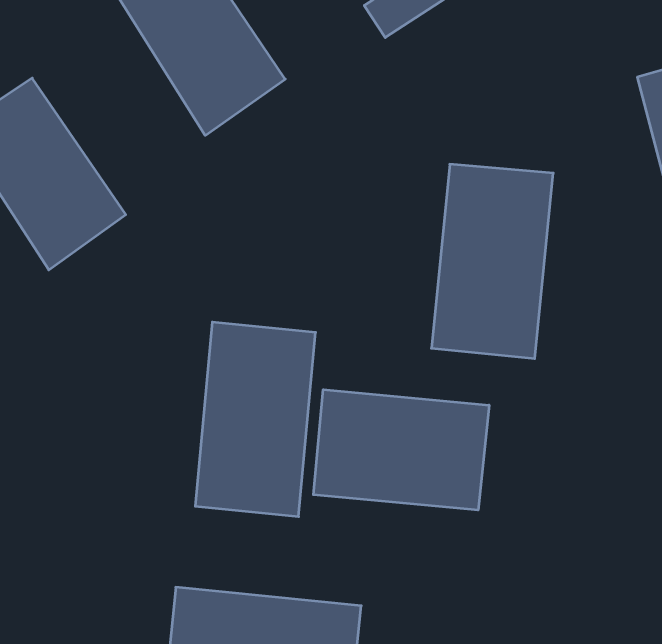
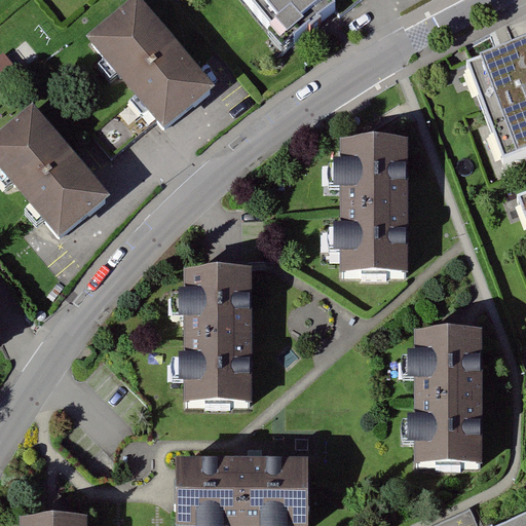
building: [313,390,489,510] -> none
building: none -> [412,326,488,460]

